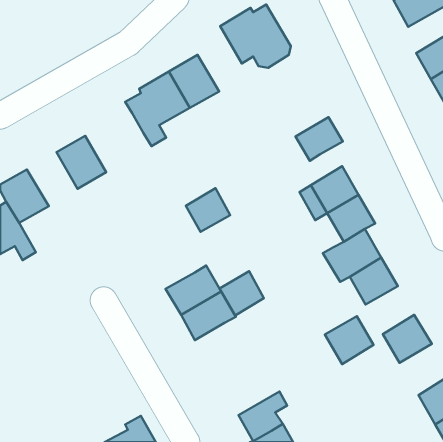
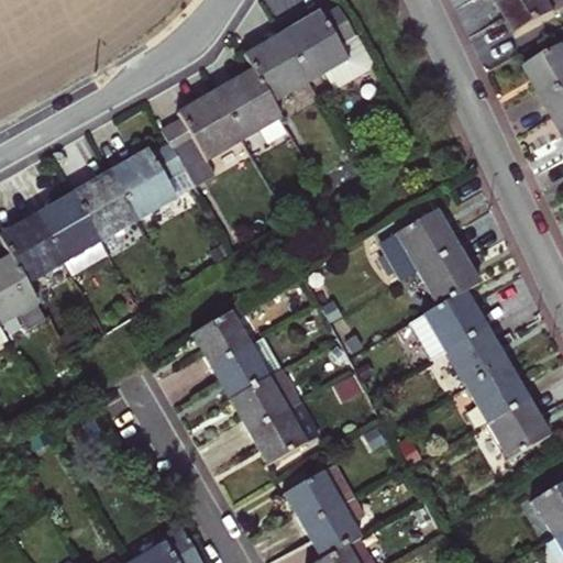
building: none -> [244,33,308,101]
building: none -> [110,143,184,218]
building: [296,117,343,161] -> none
building: none -> [36,192,100,261]
building: [186,188,230,232] -> [192,310,249,365]
building: [219,271,264,315] -> [249,408,305,464]
building: [325,316,373,364] -> [464,362,526,422]
building: none -> [285,462,355,525]

